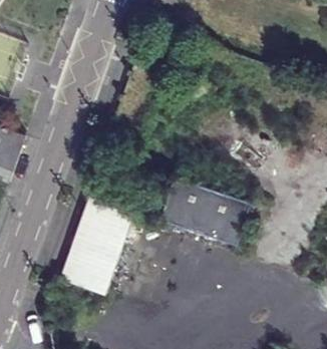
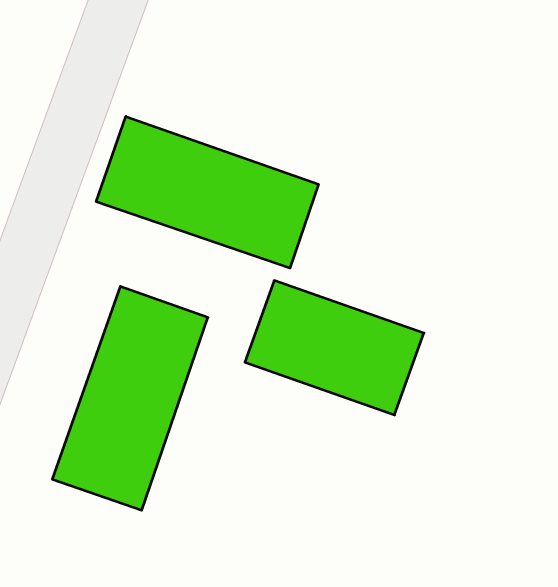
building: none -> [96,116,318,268]

